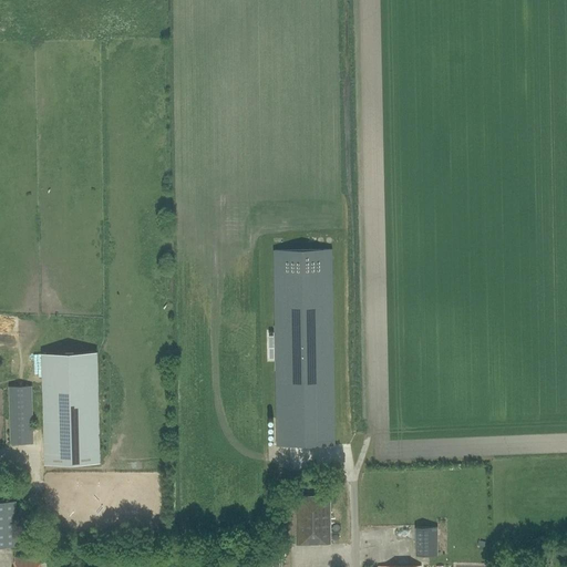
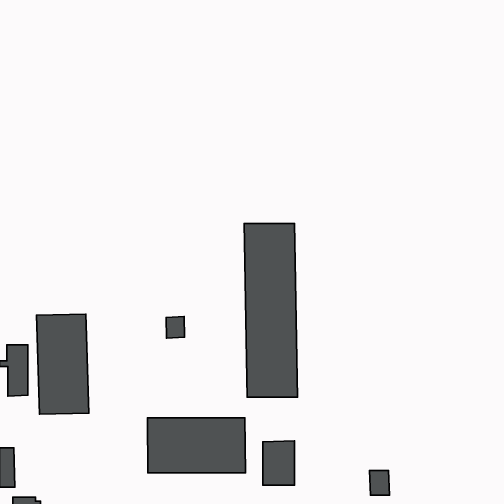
building: none -> [166,317,185,338]
building: none -> [147,418,245,473]

